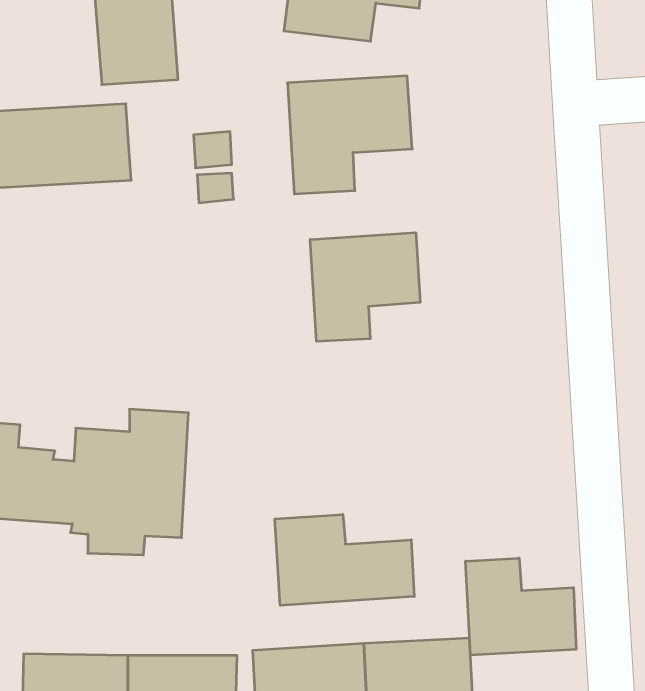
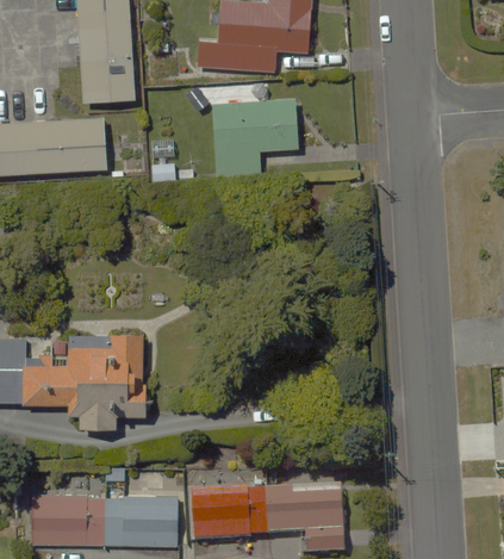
building: [310,233,420,341] -> none
building: [275,514,414,605] -> none
building: [466,558,576,655] -> none

